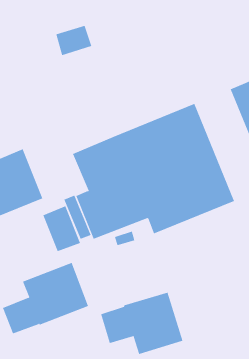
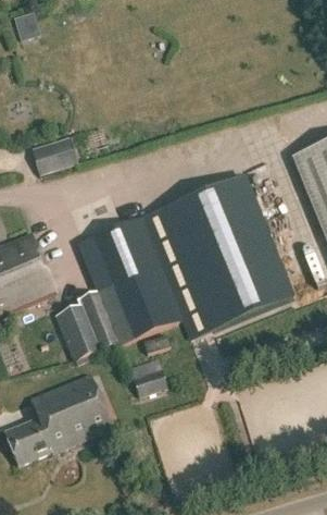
building: [55,25,92,56] -> [33,136,78,174]
building: none -> [134,367,167,395]
building: [101,292,183,355] -> none

